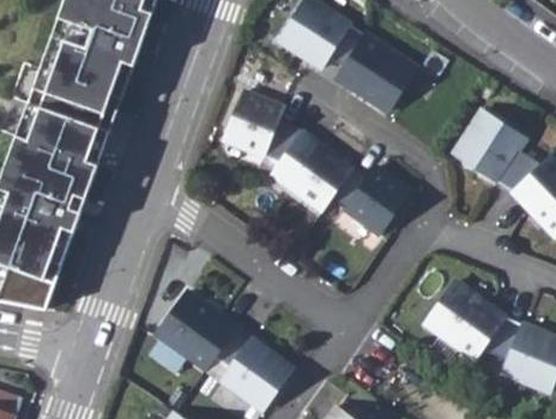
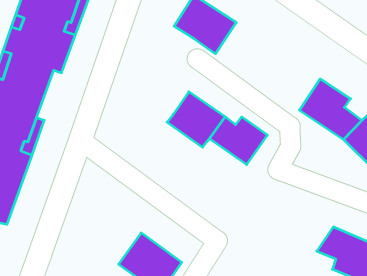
building: [336,32,416,108] -> none
building: [222,89,298,160] -> none
building: [422,281,498,359] -> none
building: [152,288,232,367] -> none

